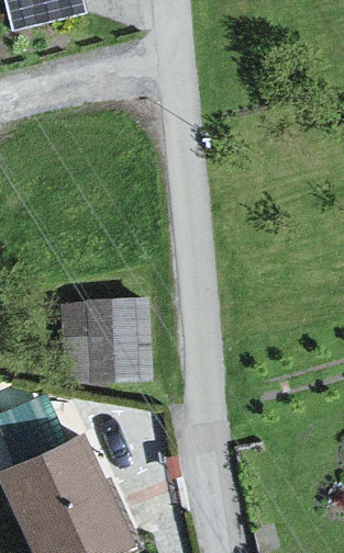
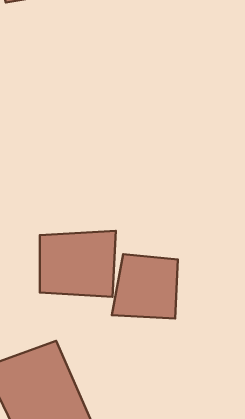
building: none -> [112,254,178,319]

